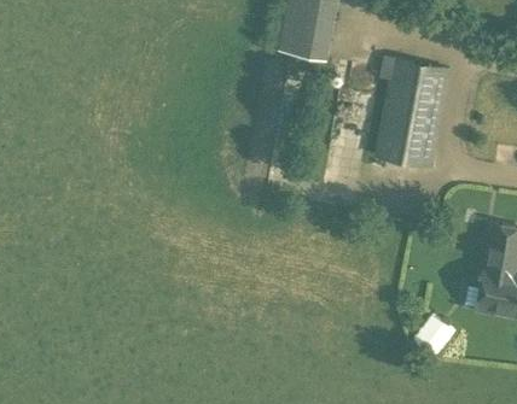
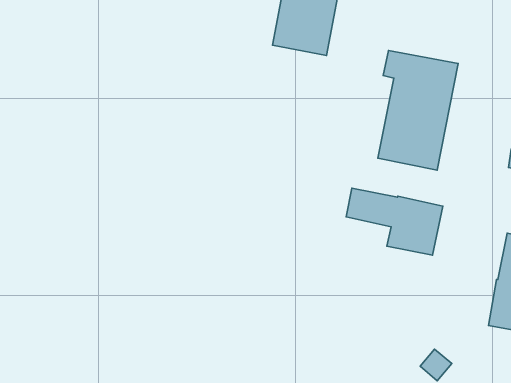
building: none -> [346,188,443,255]

